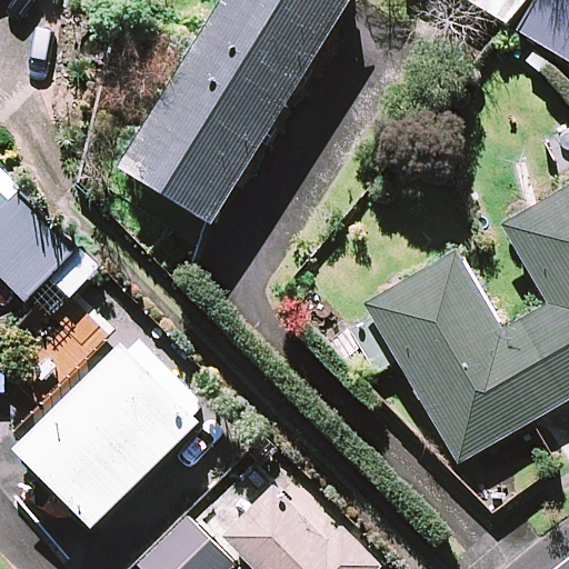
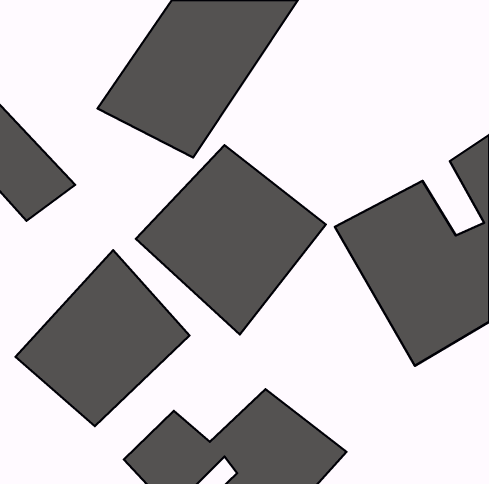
building: none -> [136,145,326,334]

